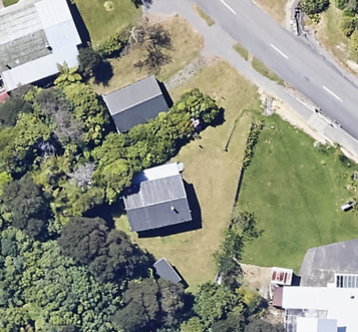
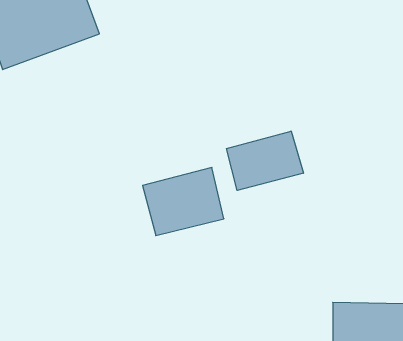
building: [101,73,167,133] -> none
building: none -> [226,131,303,190]

